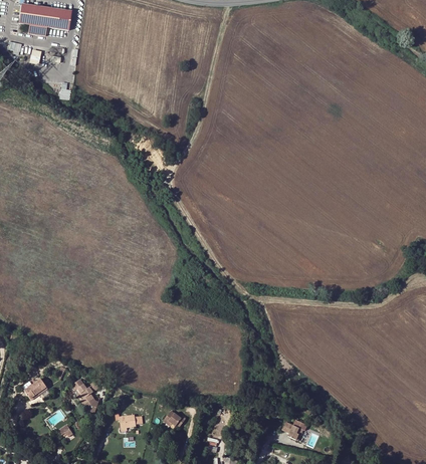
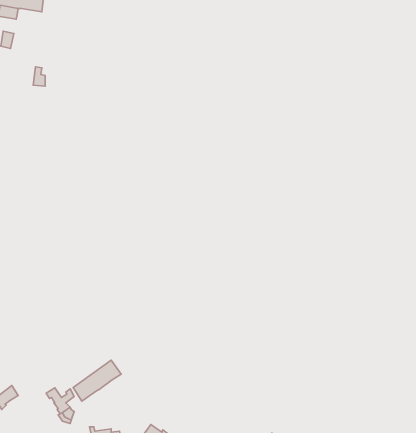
building: none -> [73,360,121,401]

